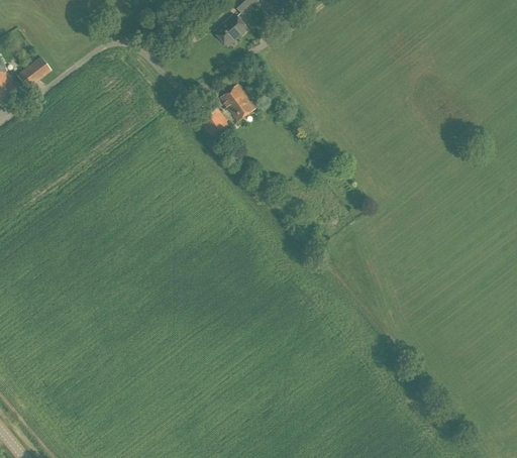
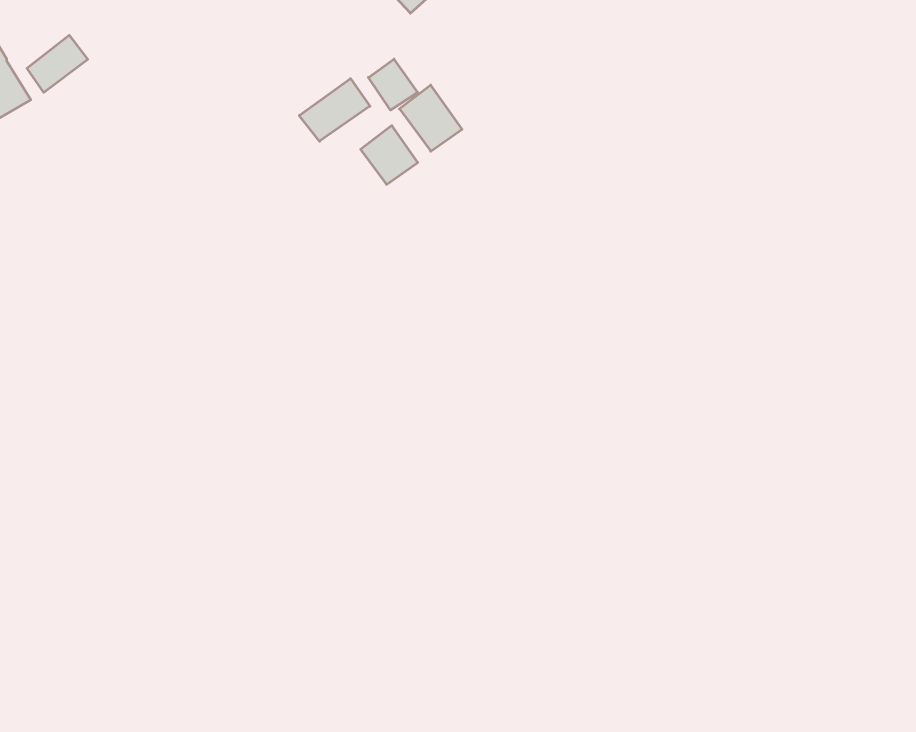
building: none -> [368,59,418,110]
building: none -> [299,79,370,141]

